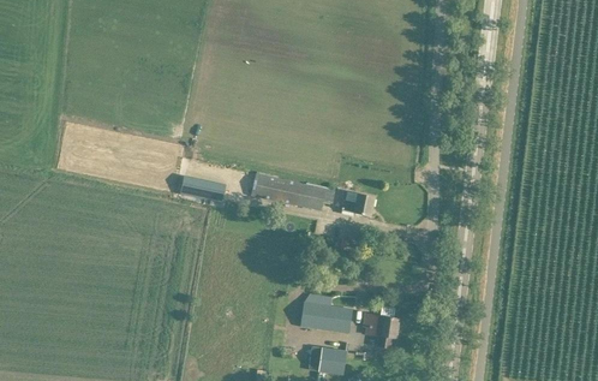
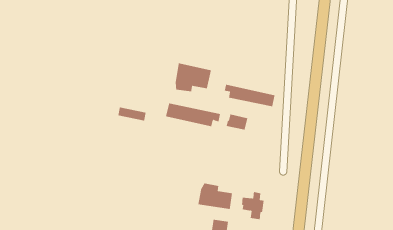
building: none -> [175,62,211,92]
building: none -> [224,84,275,107]

